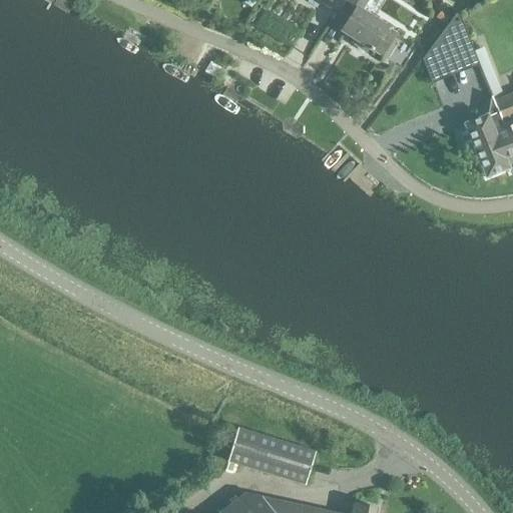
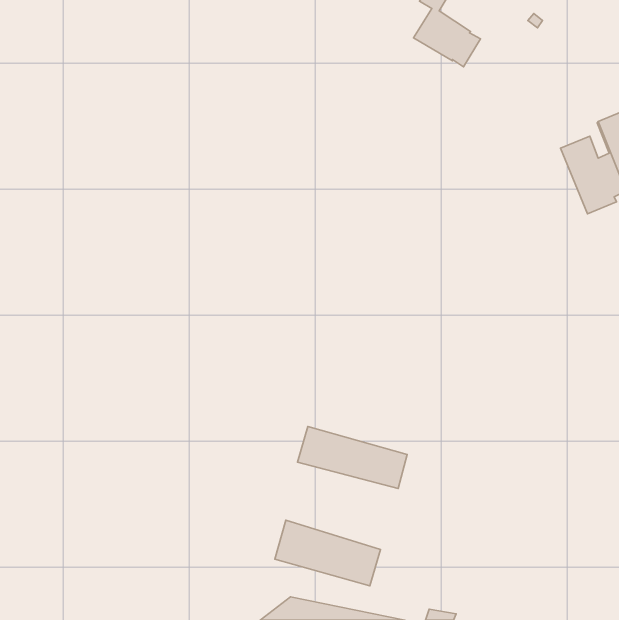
building: [424,10,479,80] -> none
building: none -> [298,427,407,488]

